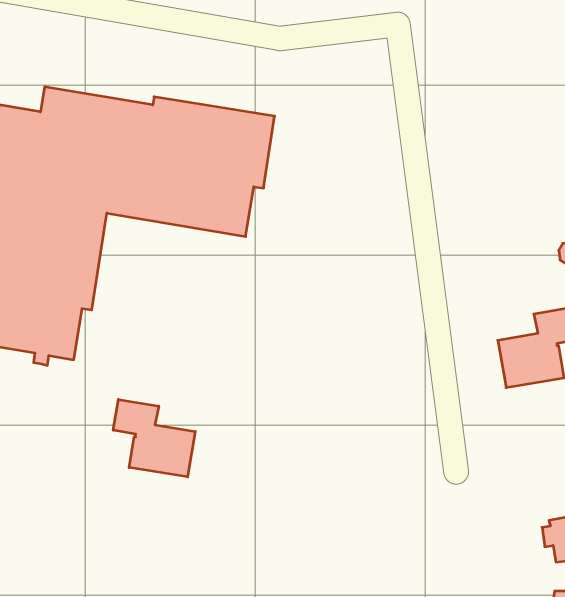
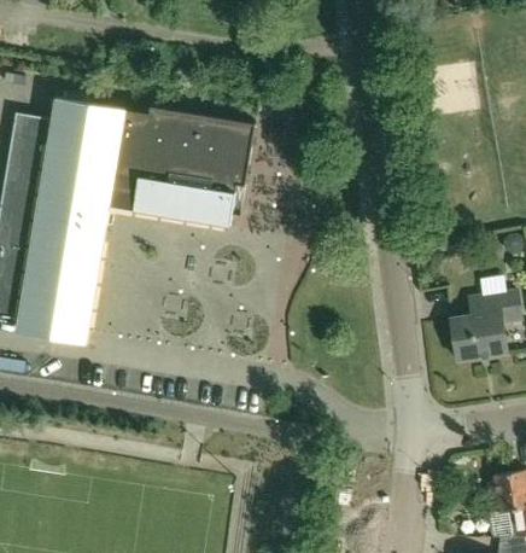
building: [113,399,195,477] -> none

